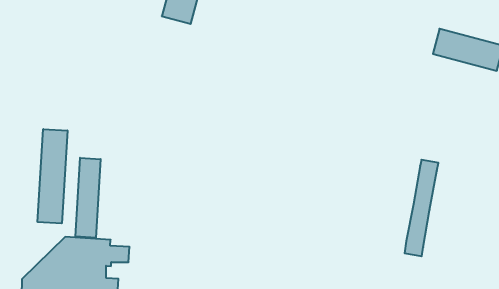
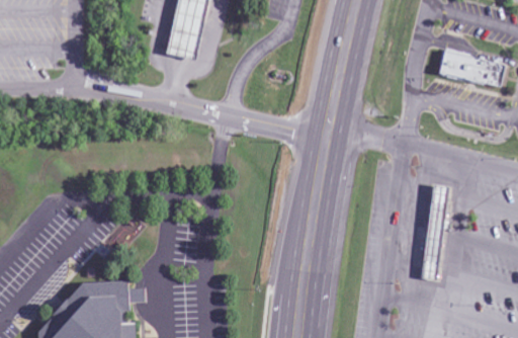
building: [38,129,67,223] -> none
building: [75,158,101,238] -> none

